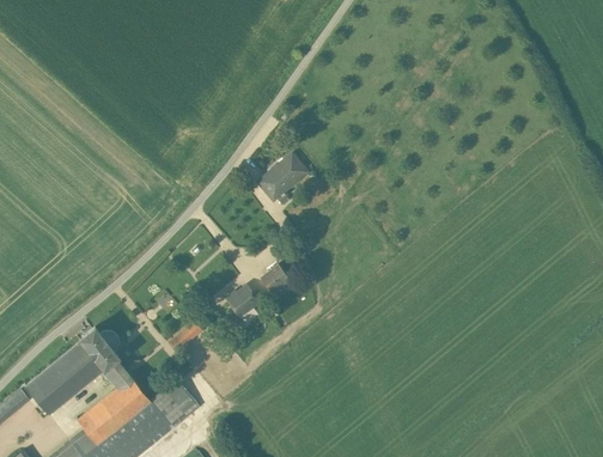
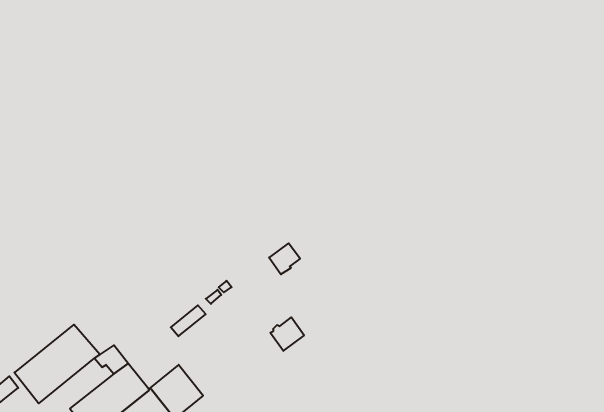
building: [257,154,307,206] -> none
building: [227,286,258,317] -> [270,317,304,351]
building: [79,328,120,368] -> none

